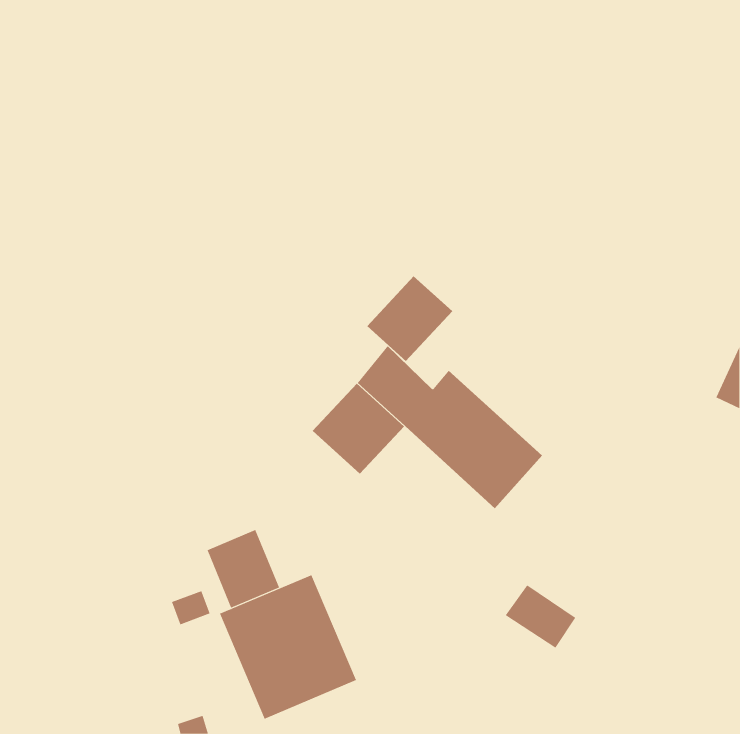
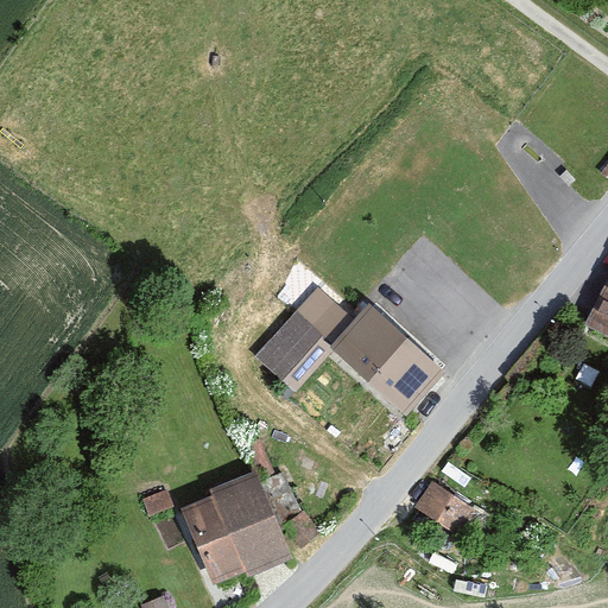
building: [366,275,453,362] -> none
building: [207,529,280,609] -> none

